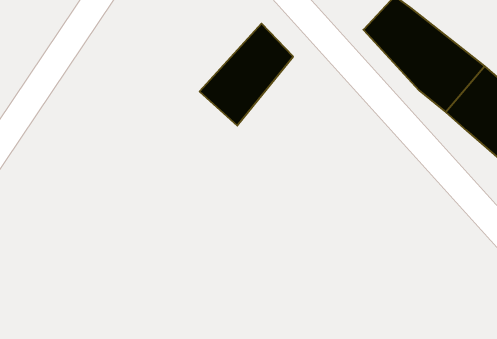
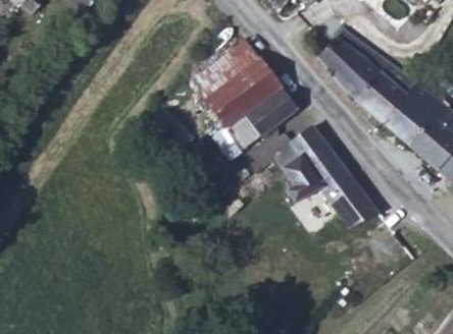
building: none -> [233,81,286,140]
building: none -> [272,128,369,230]

